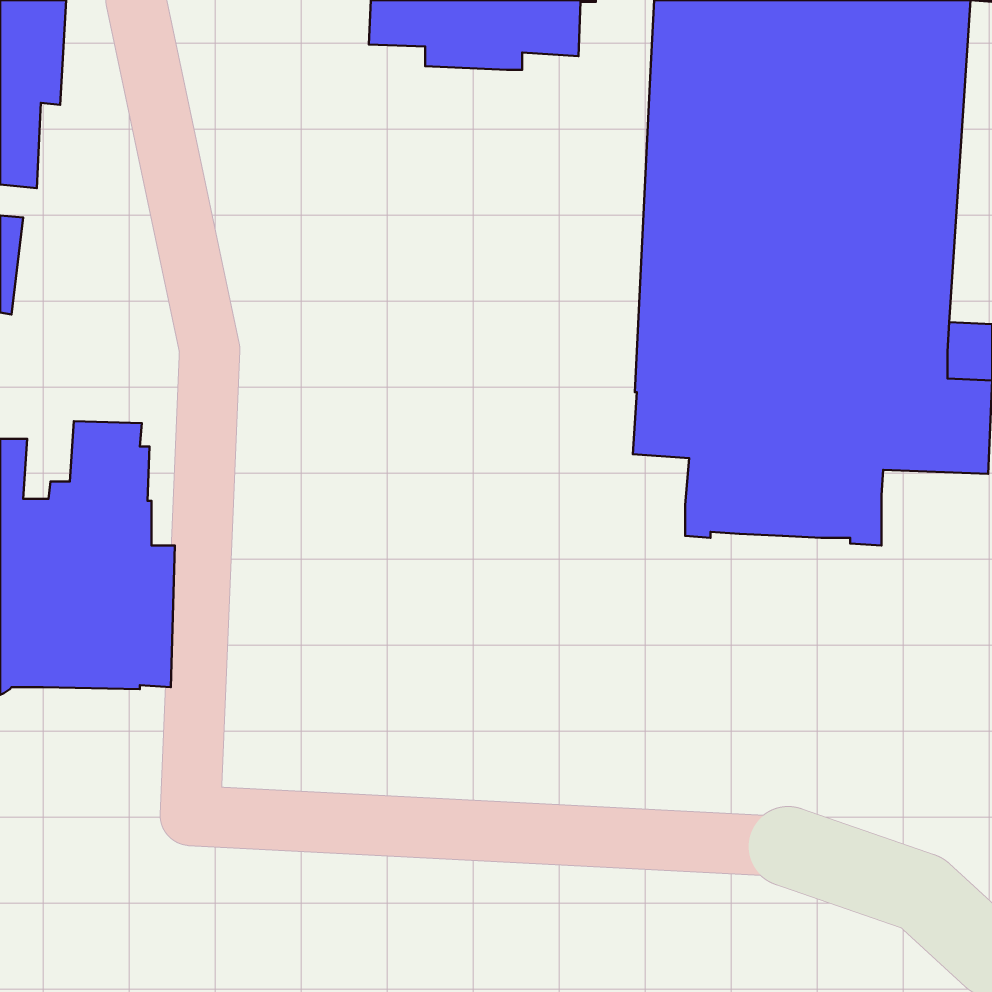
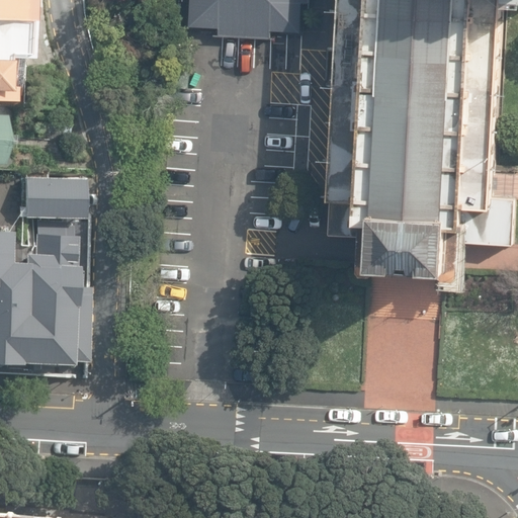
building: none -> [25,174,85,215]

